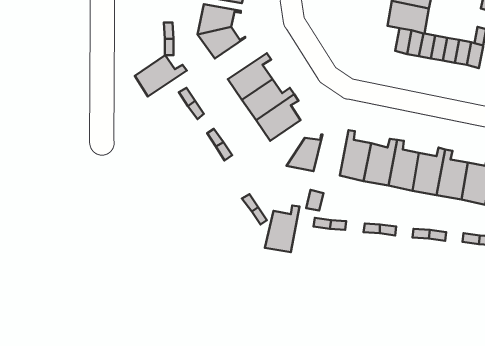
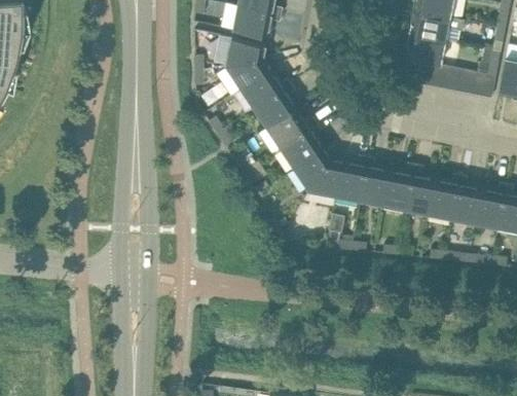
building: [135,55,187,96] -> [241,71,290,110]
building: none -> [293,149,326,192]
building: [265,205,300,252] -> [334,157,367,202]

